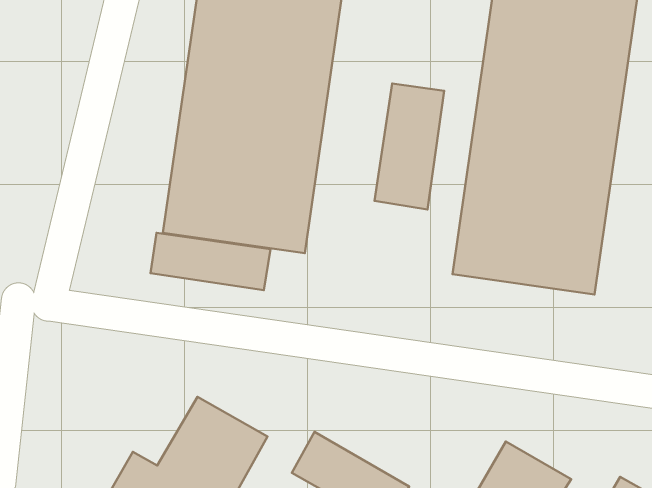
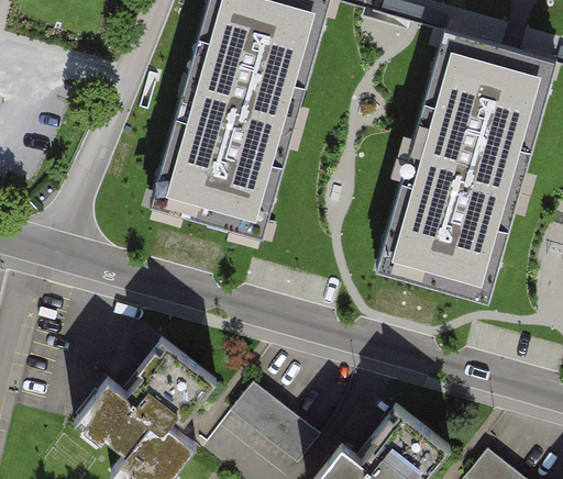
building: [374,83,444,209] -> none
building: [151,233,271,290] -> none

